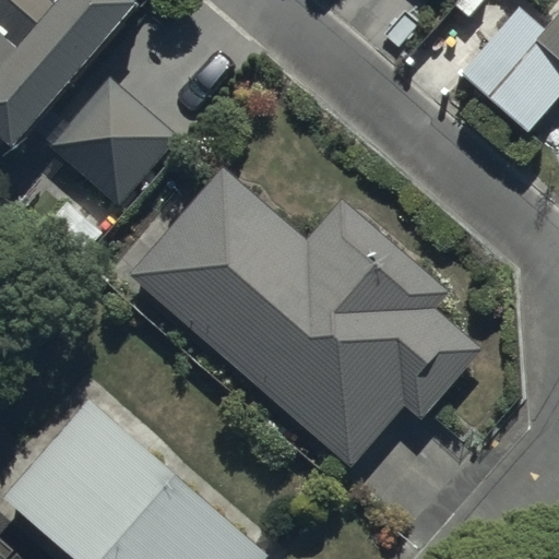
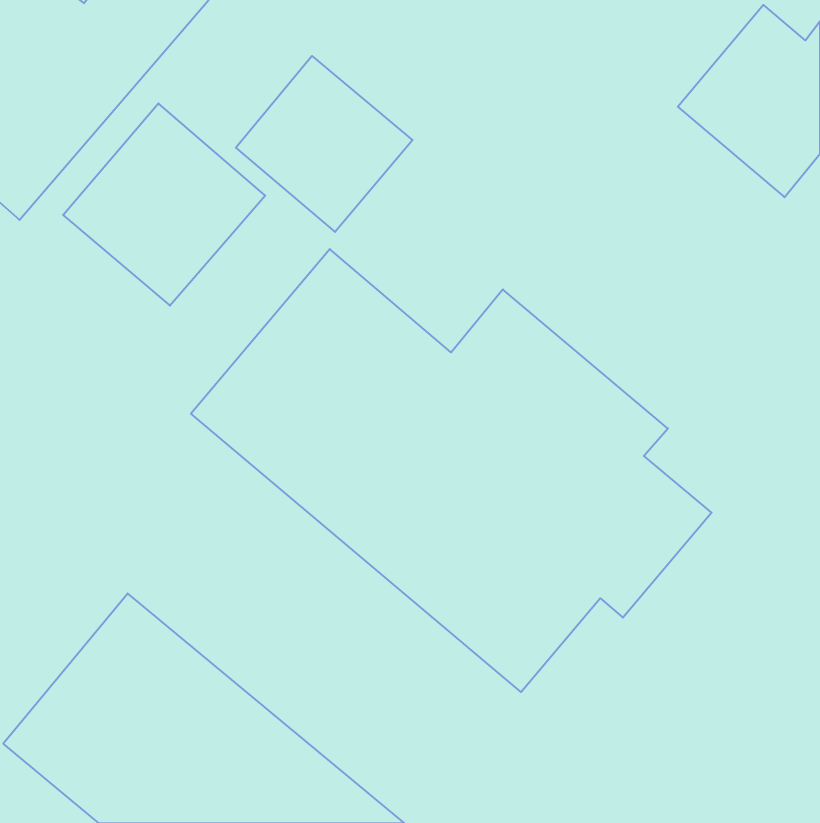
building: none -> [236,56,413,232]

